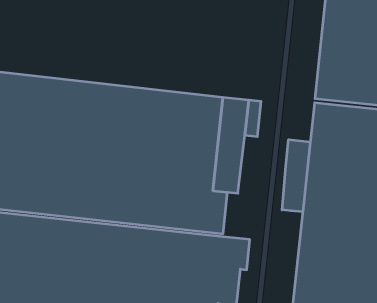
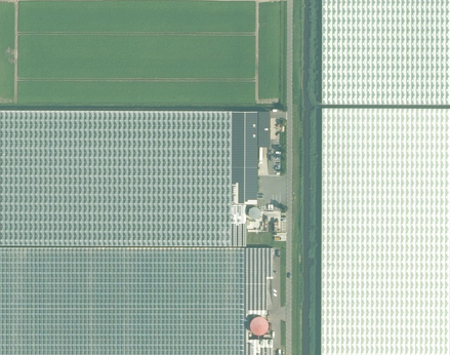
building: [282,140,310,212] -> none

